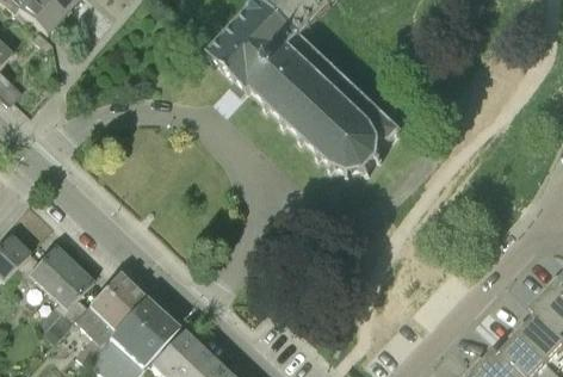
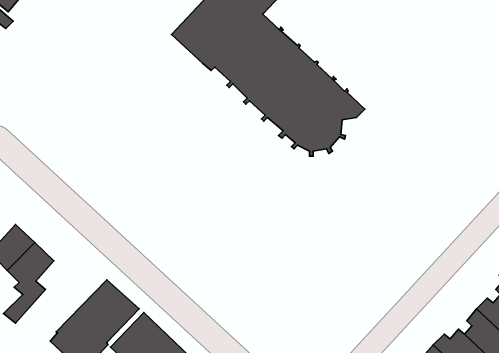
building: [76,273,147,364] -> none

